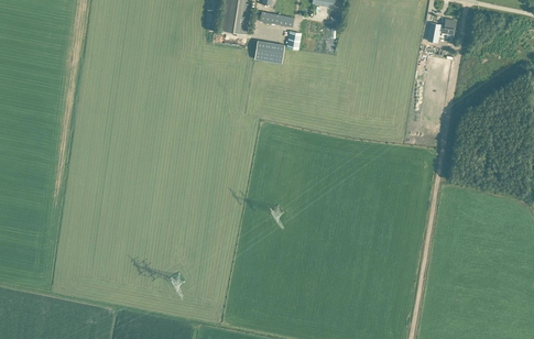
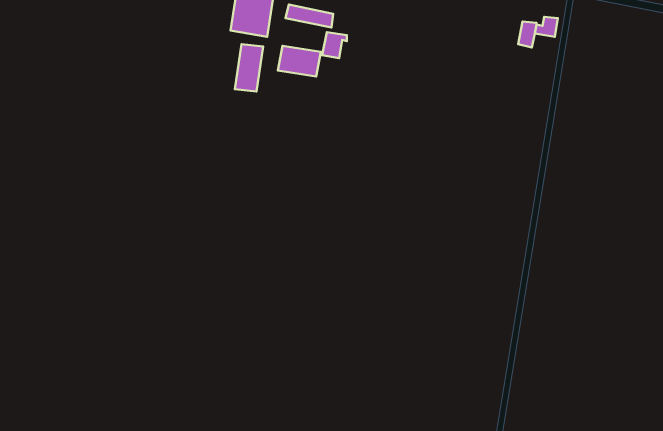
building: none -> [235,44,263,91]

